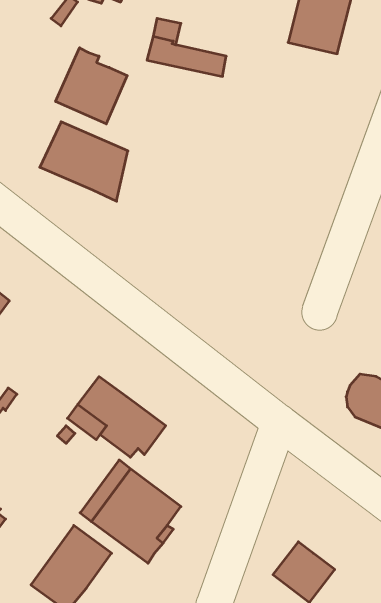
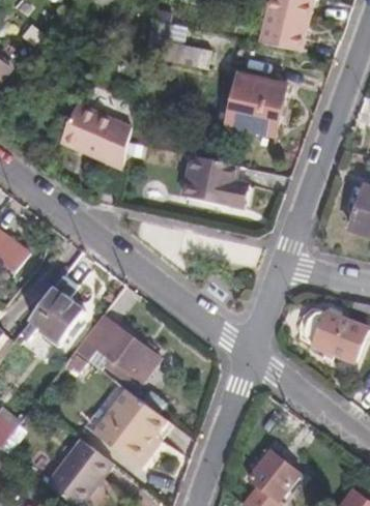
building: [56,48,127,124] -> none
building: none -> [224,71,283,133]
building: none -> [179,153,245,205]
building: none -> [31,275,85,341]

